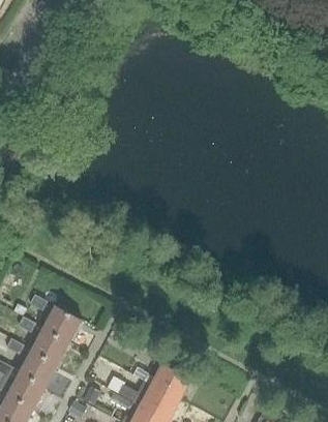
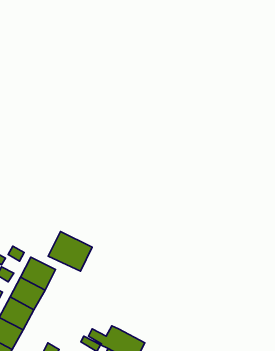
building: none -> [48,231,92,271]
building: [141,366,189,402] -> none

